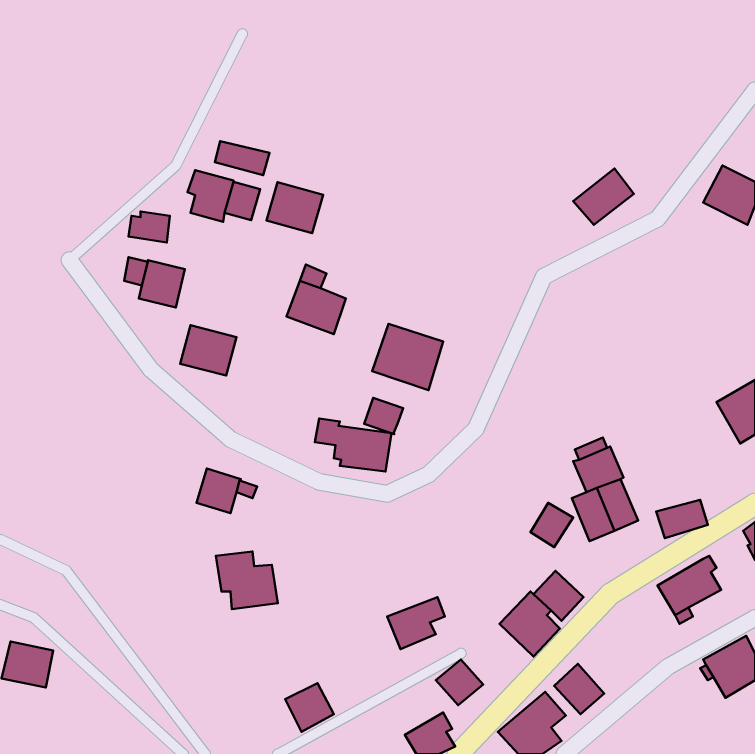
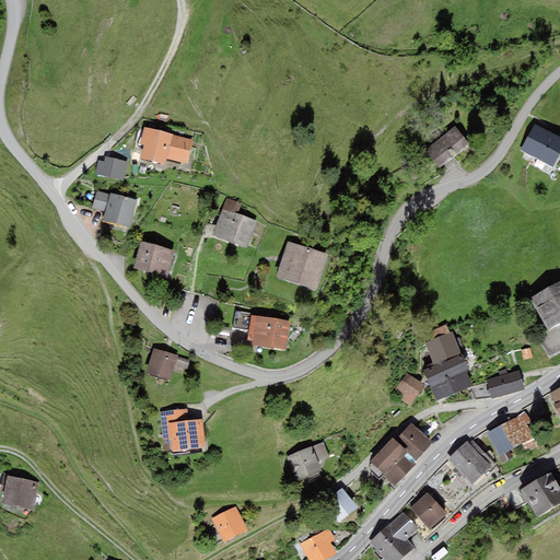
building: [215,141,270,175] -> none
building: [267,182,323,233] -> none
building: [364,398,403,434] -> none
building: none -> [447,439,494,483]

